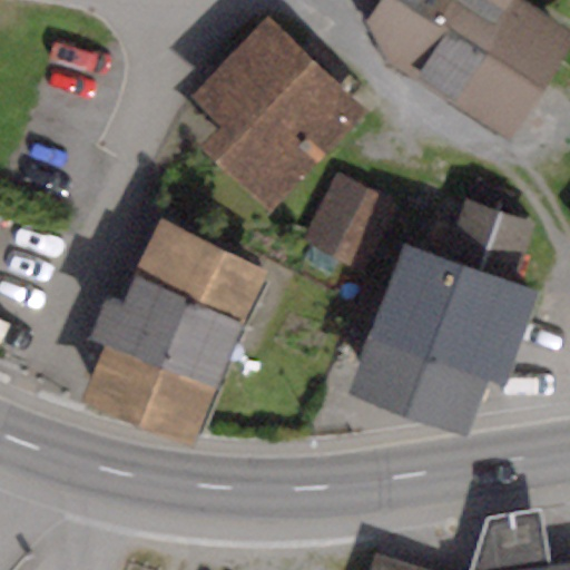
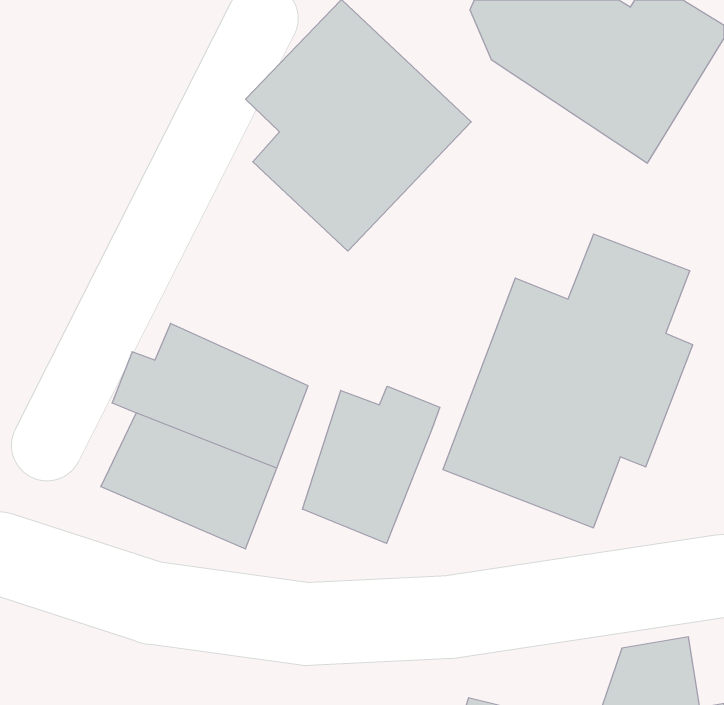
building: [298,181,394,281] -> none
building: [134,216,272,318] -> none
building: none -> [302,386,440,543]

